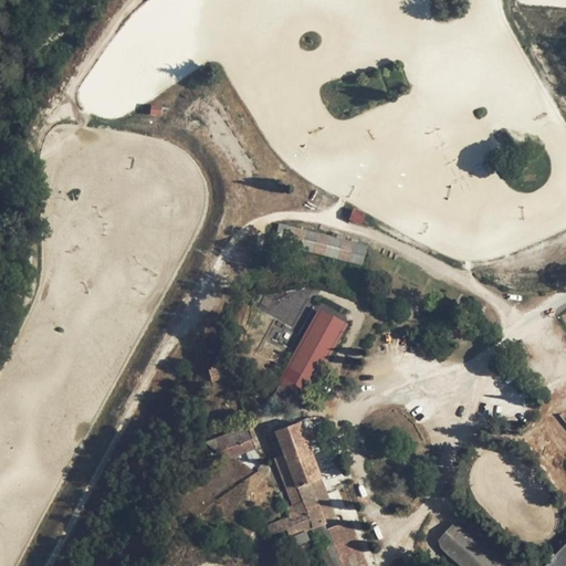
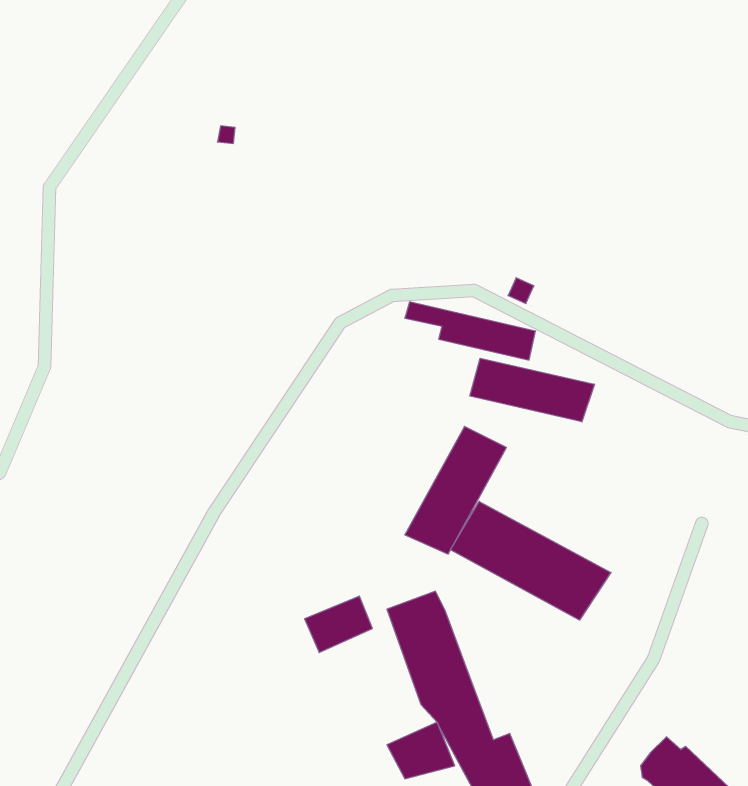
building: none -> [470,358,594,422]
building: none -> [451,501,611,620]

